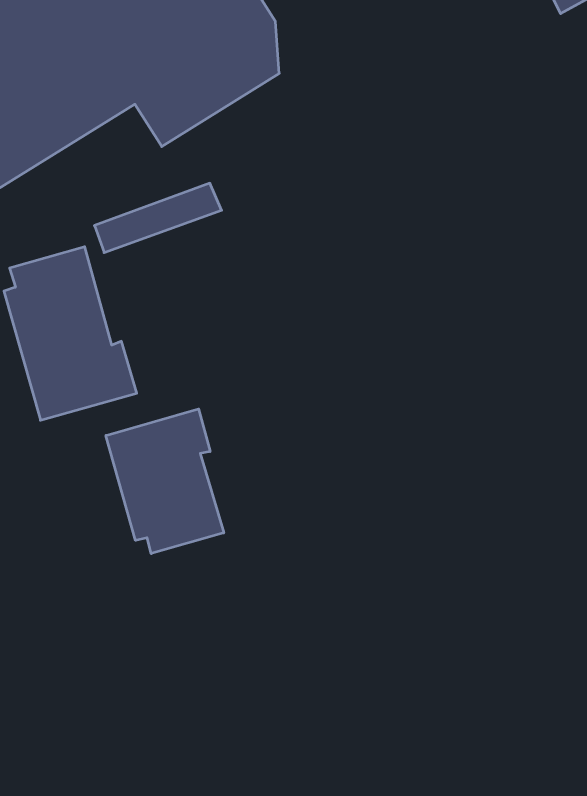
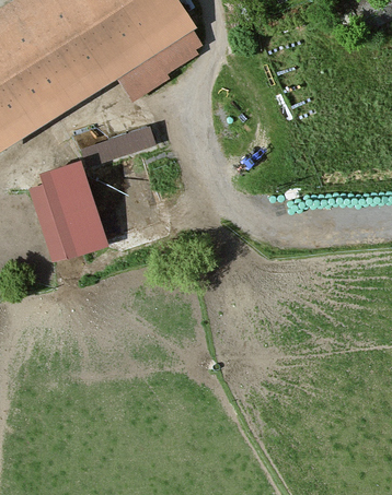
building: [106,409,224,554] -> none

